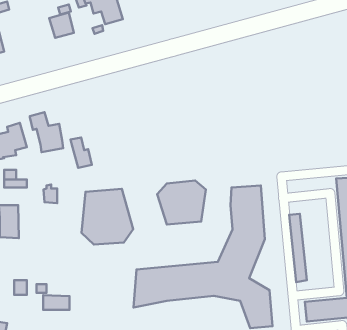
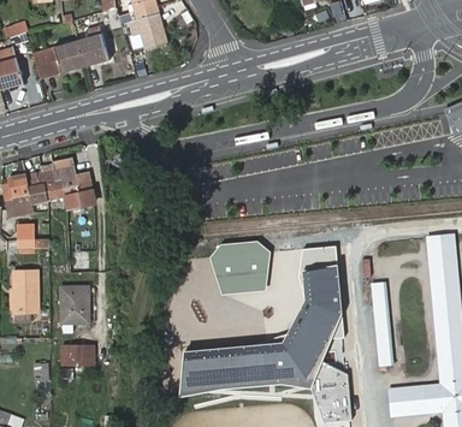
building: none -> [32,41,84,77]
building: [70,137,92,168] -> [40,162,66,200]
building: [81,189,133,245] -> none
building: none -> [63,287,88,321]
building: [43,295,70,310] -> [60,346,93,364]

